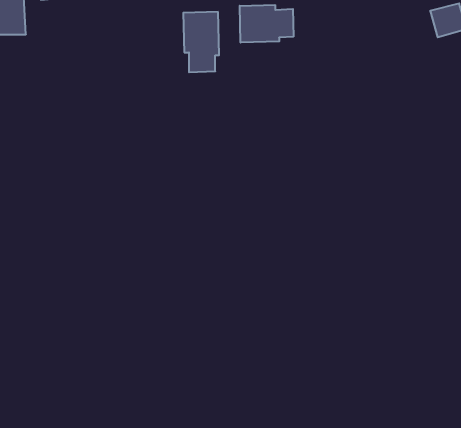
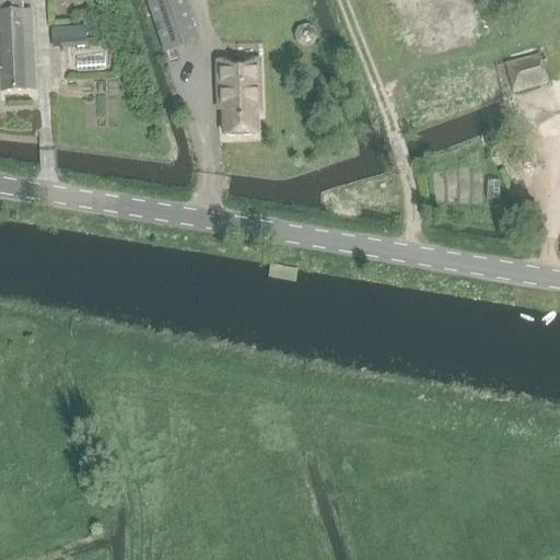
building: [240,5,293,43] -> none

